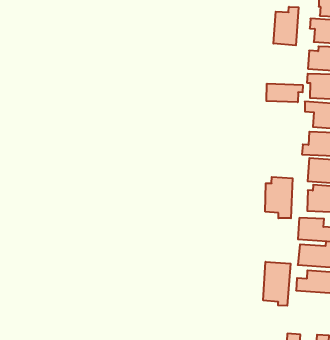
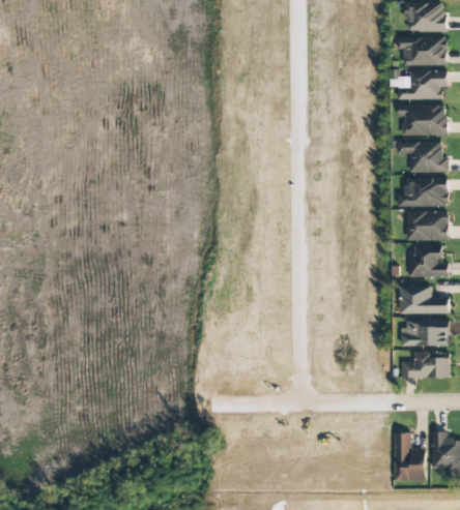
building: [273,7,299,45] -> none
building: [266,84,303,102] -> none
building: [265,177,293,218] -> none
building: [263,262,291,306] -> none

